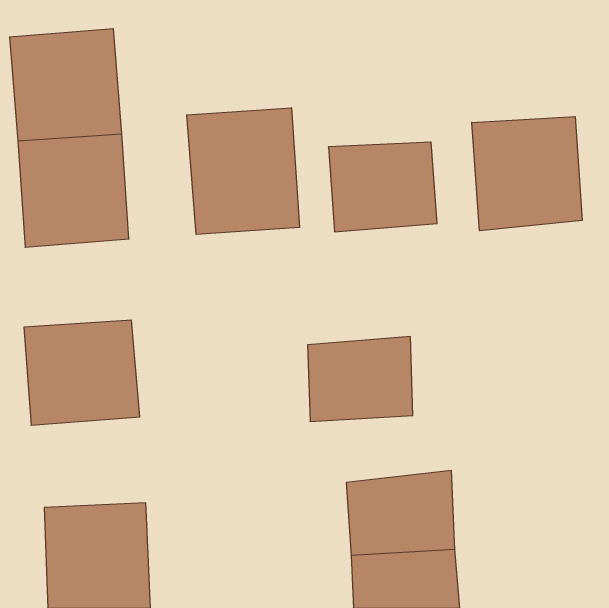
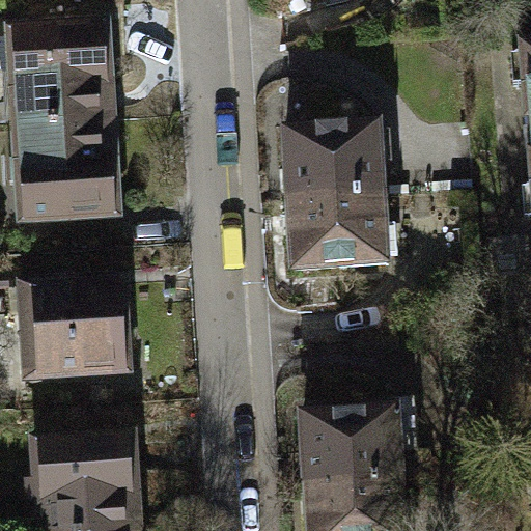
building: [187,108,299,234] -> none
building: [472,117,582,231] -> none
building: [308,337,413,421] -> [291,194,383,268]

